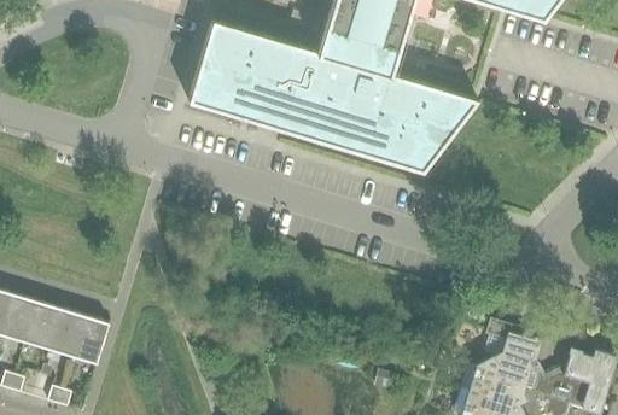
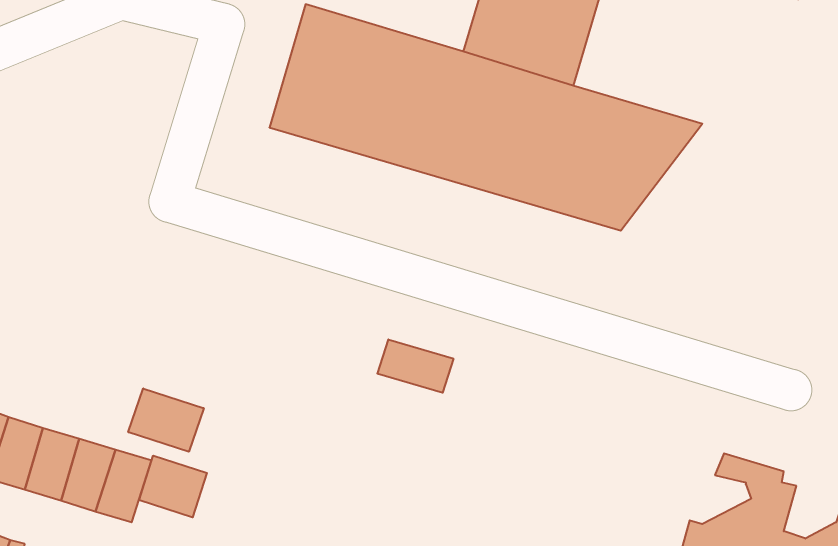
building: none -> [377,339,453,393]
building: none -> [128,388,204,452]
building: none -> [139,456,207,517]

